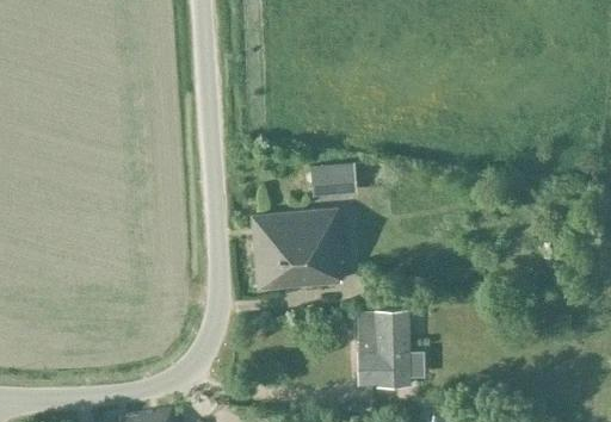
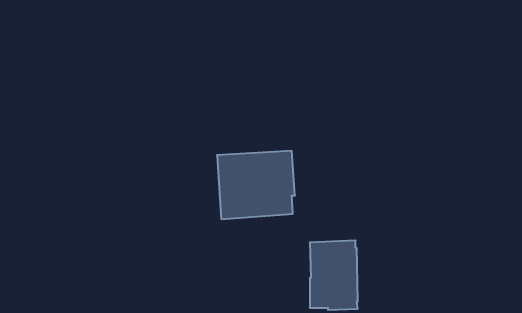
building: [309,163,356,198] -> none

